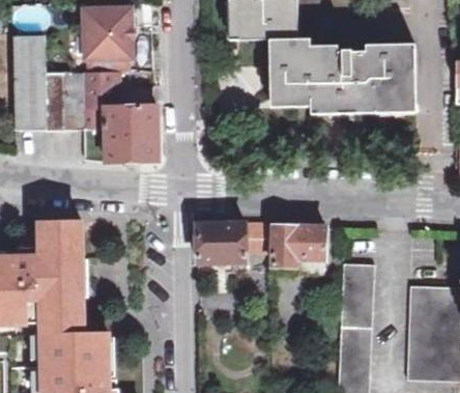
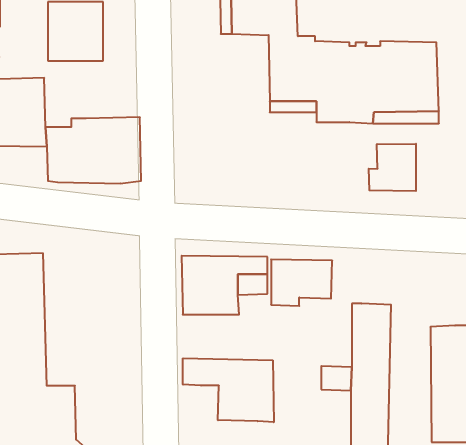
building: [81,73,116,114] -> none
building: none -> [369,144,416,191]
building: none -> [183,358,274,422]

